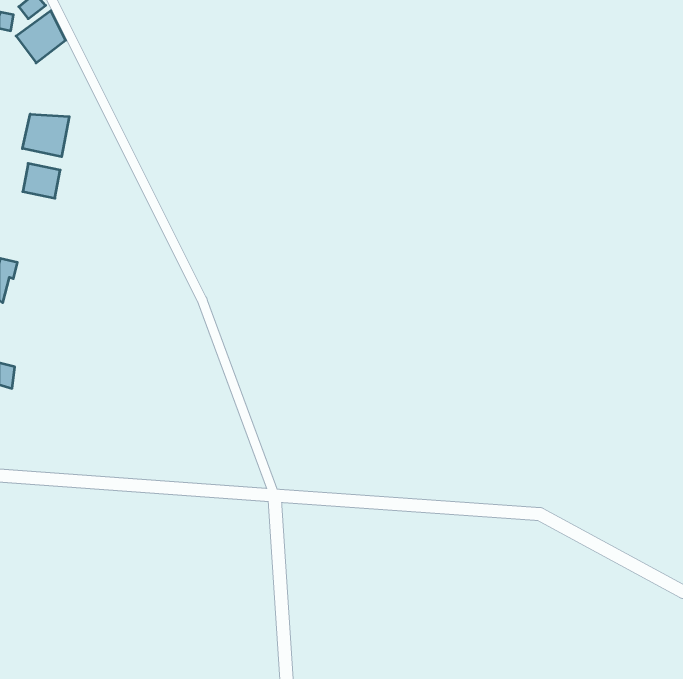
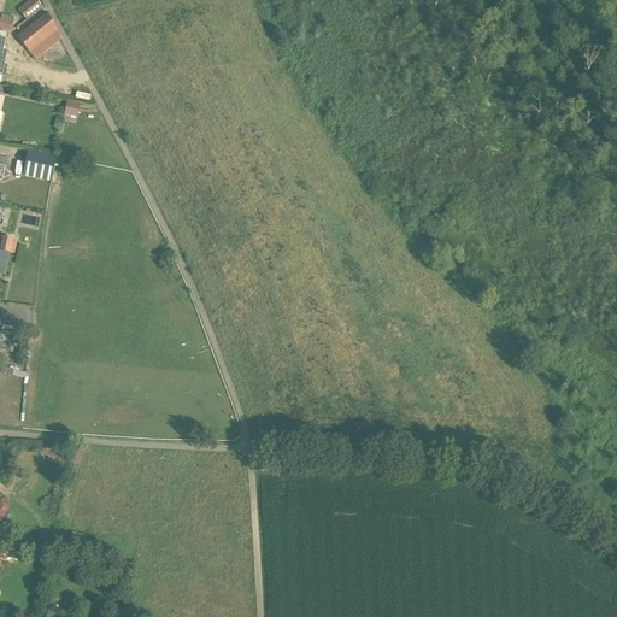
building: [22,114,69,157] -> none

